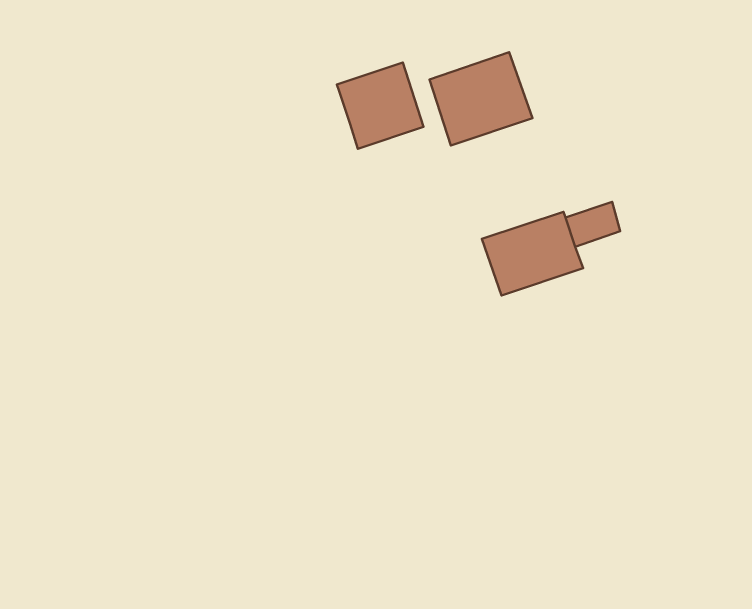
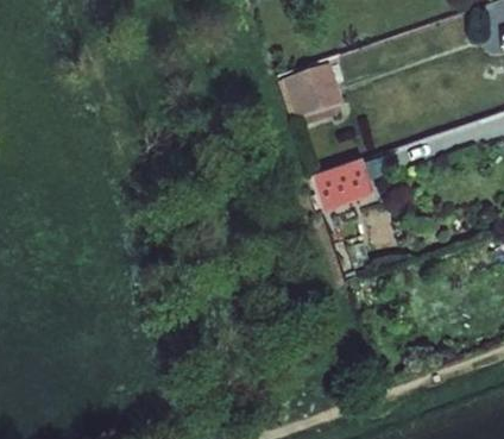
building: [337,62,424,149] -> none

